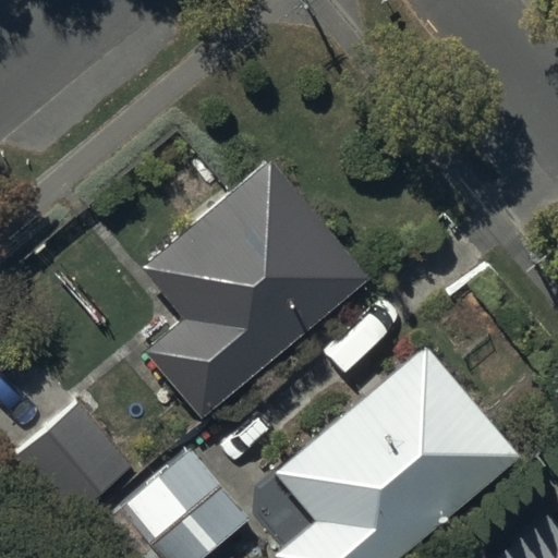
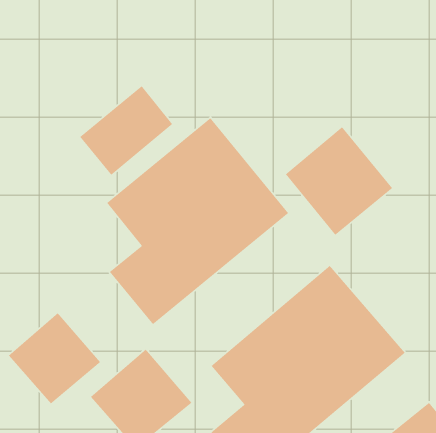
building: none -> [79,85,173,176]
building: none -> [285,126,393,236]

